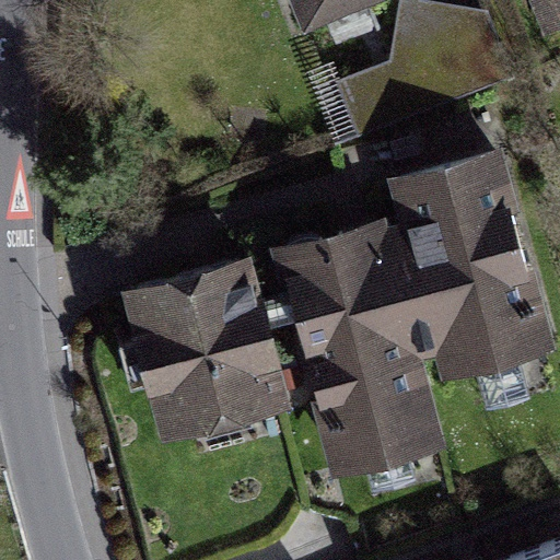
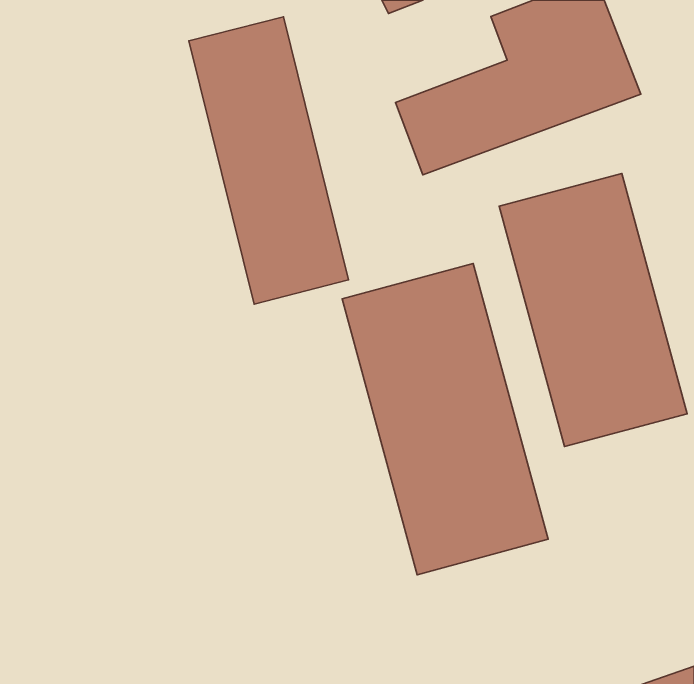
building: none -> [189,17,349,304]
building: [131,260,280,430] -> none

